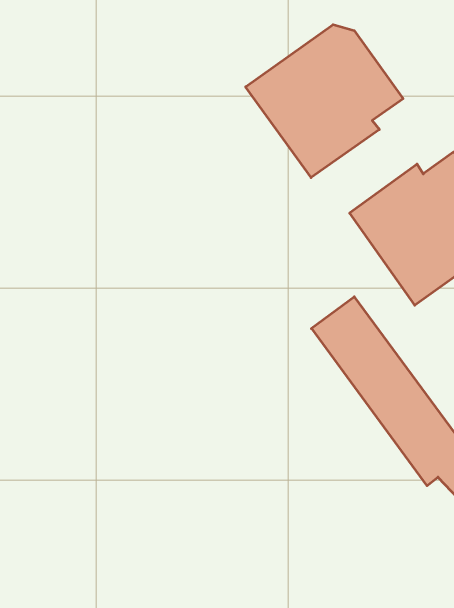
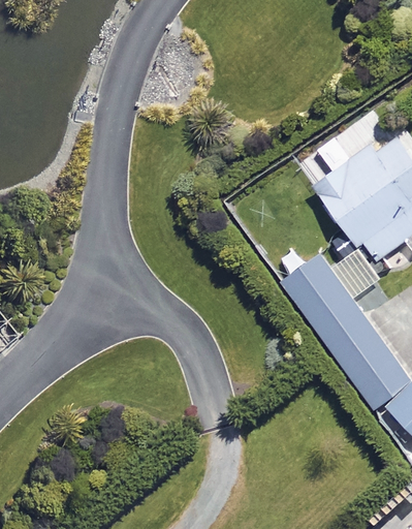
building: [246,25,403,178] -> none

